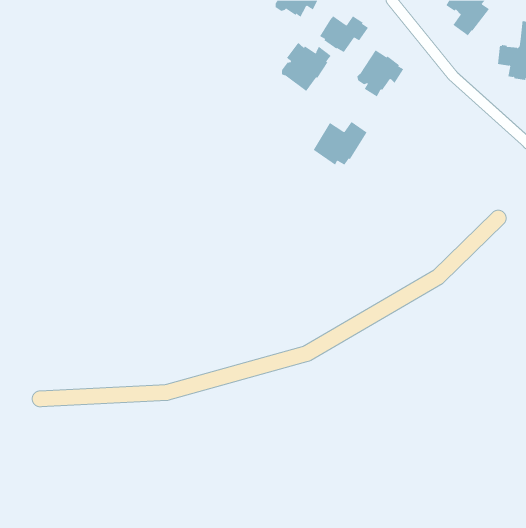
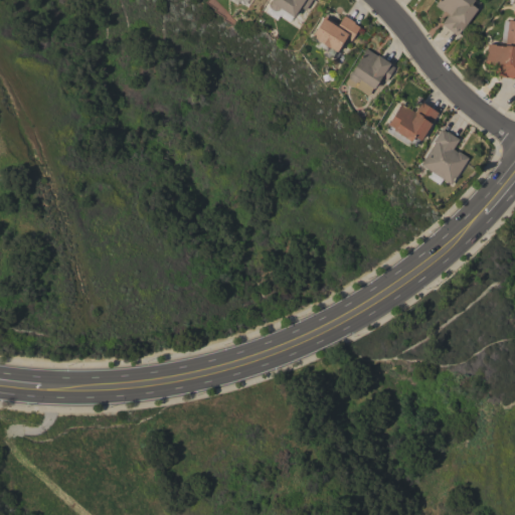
building: [281,42,332,92] -> none
building: [313,121,368,165] -> [385,102,439,145]
building: none -> [421,129,469,184]

